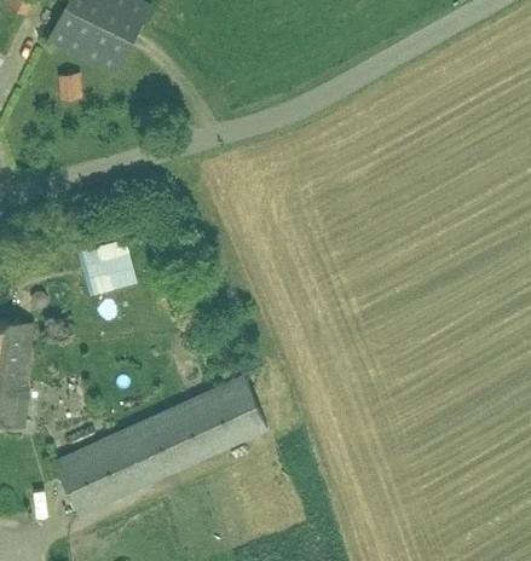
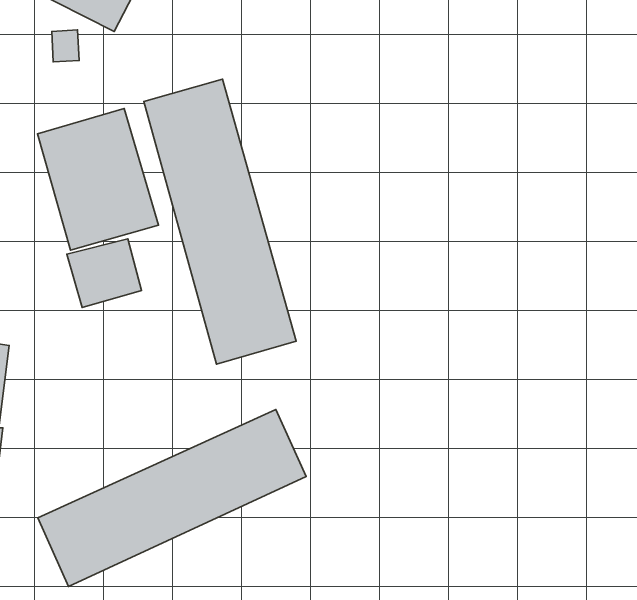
building: none -> [144,79,296,364]
building: none -> [38,108,159,250]

